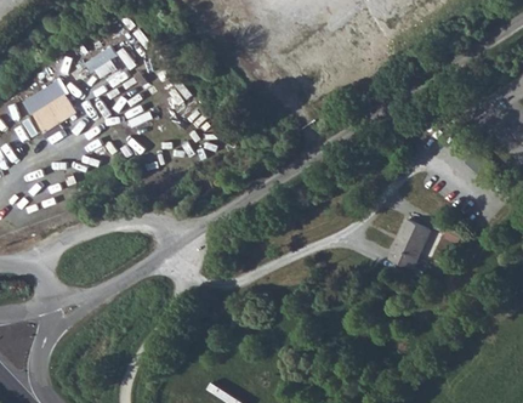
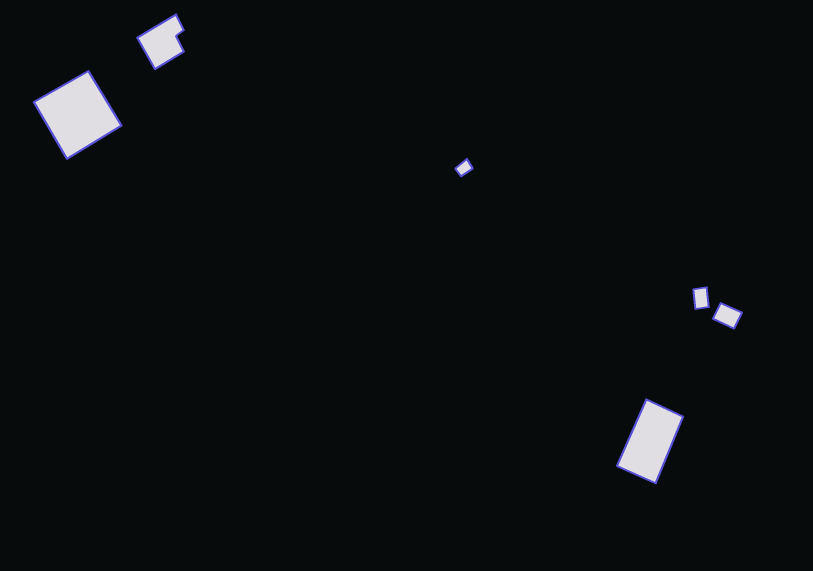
building: [386,217,427,269] -> [617,399,683,483]

